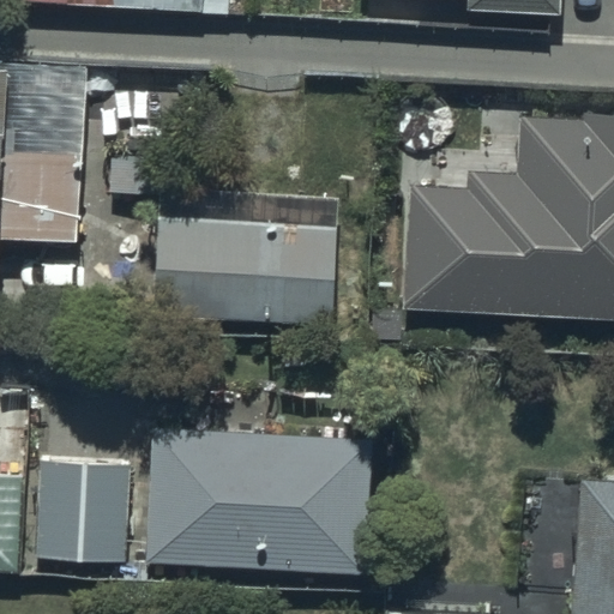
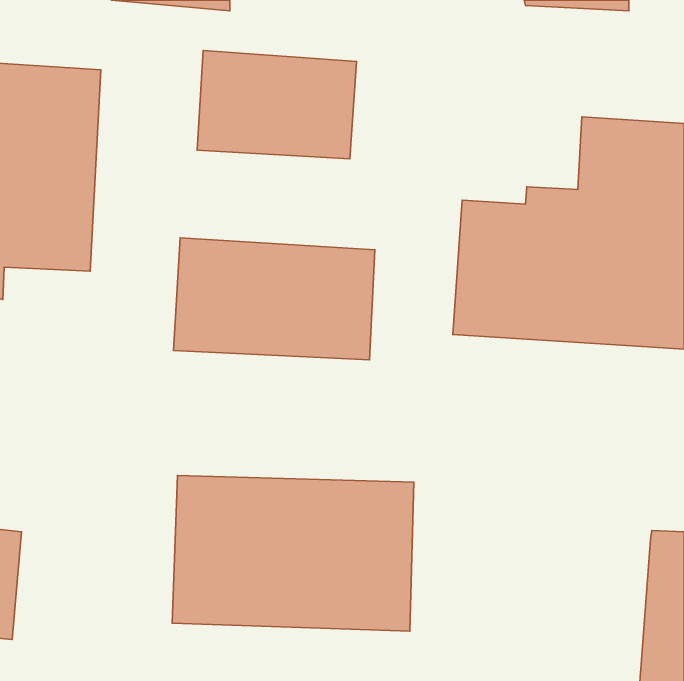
building: none -> [197,50,357,159]
building: [31,463,126,562] -> none

